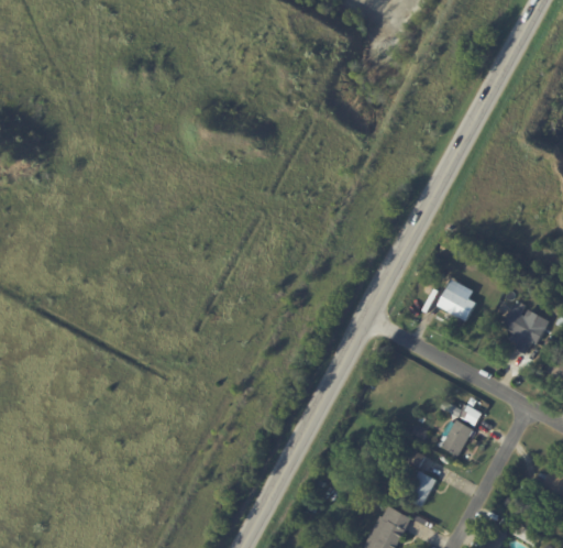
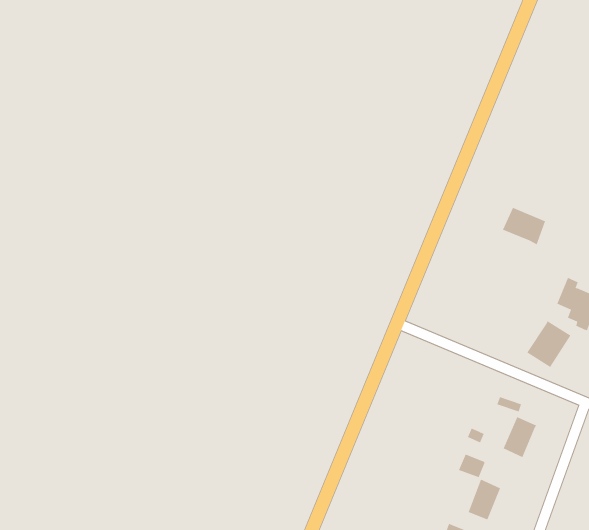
building: [438,286,476,321] -> [502,207,546,245]
building: none -> [526,320,571,368]

